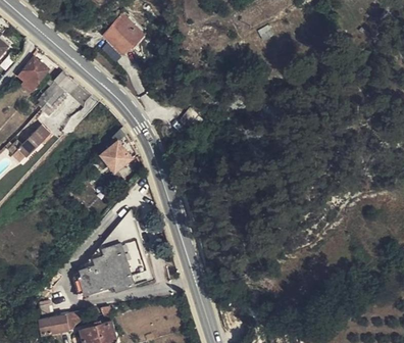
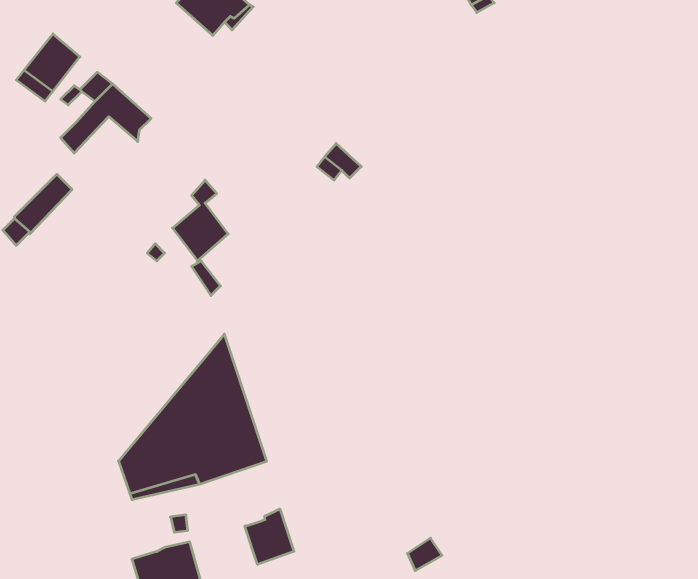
building: none -> [245,509,294,564]
building: [32,311,79,334] -> none

